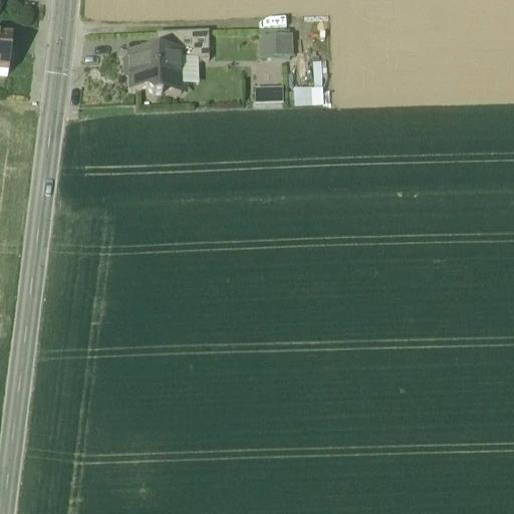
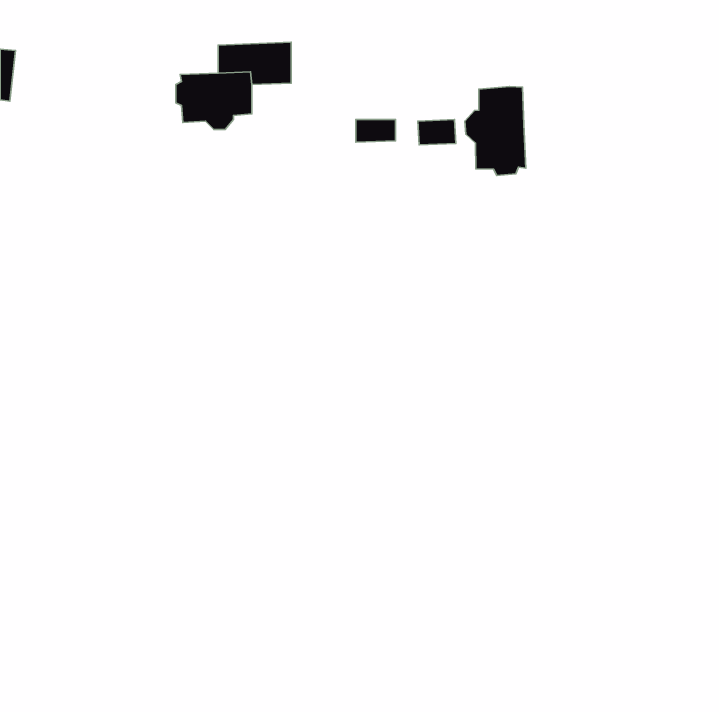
building: [257,35,291,57] -> none
building: none -> [465,87,526,175]

